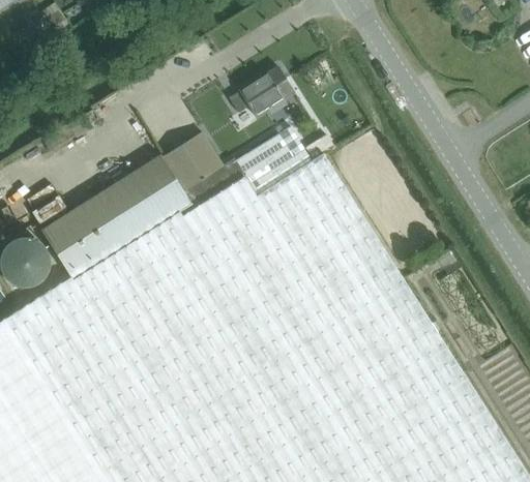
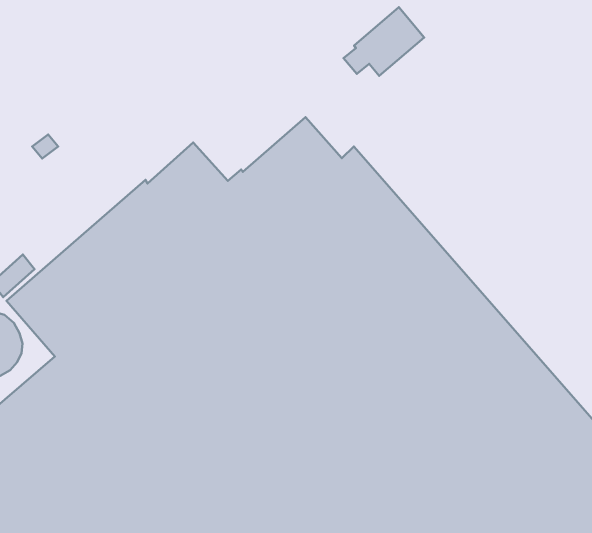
building: [230,70,293,120] -> [344,7,424,76]

